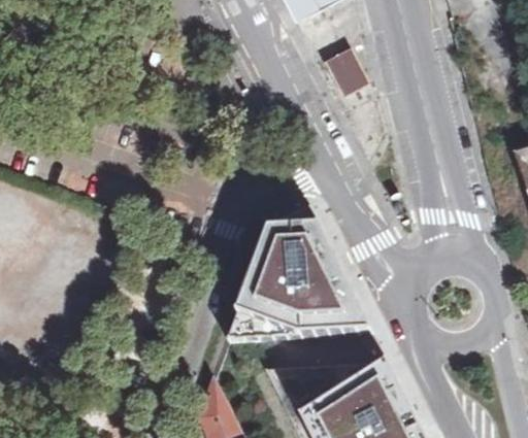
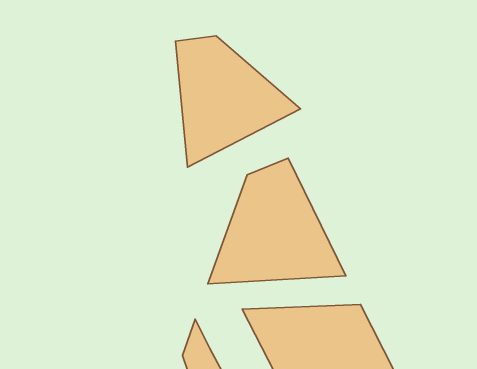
building: [323,53,364,98] -> none
building: none -> [176,36,301,167]

